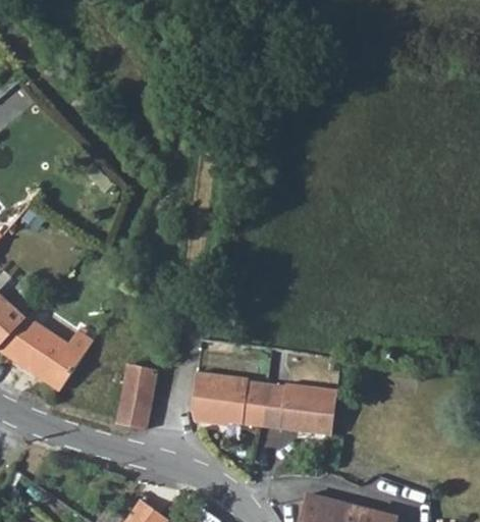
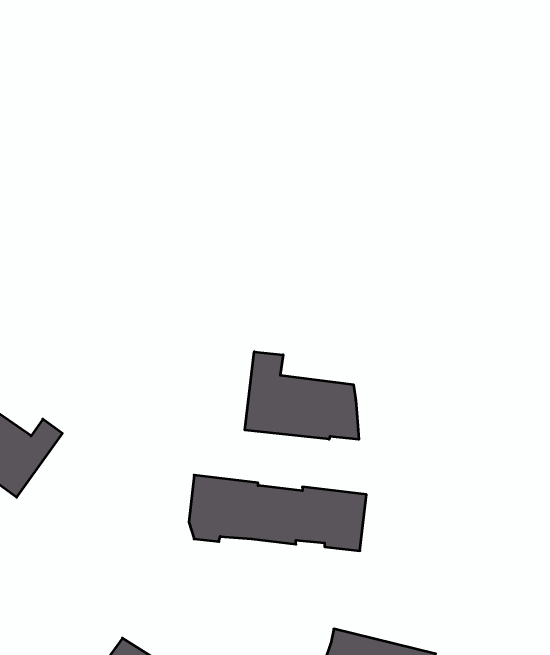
building: none -> [245,352,359,439]
building: [115,366,157,429] -> none

